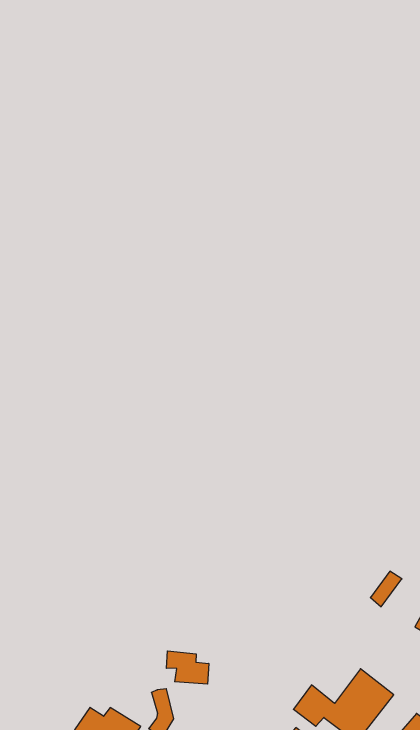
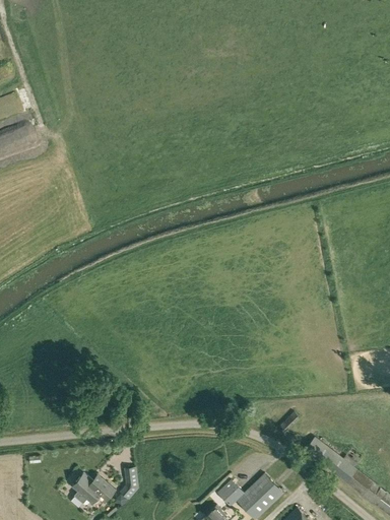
building: [166,651,209,684] -> none

